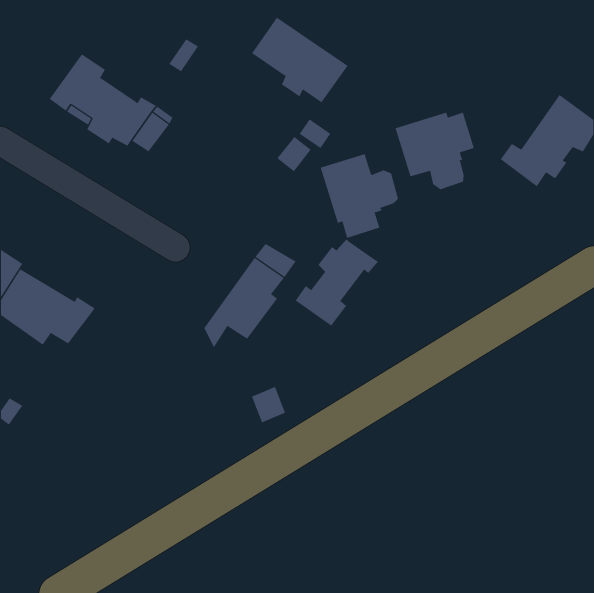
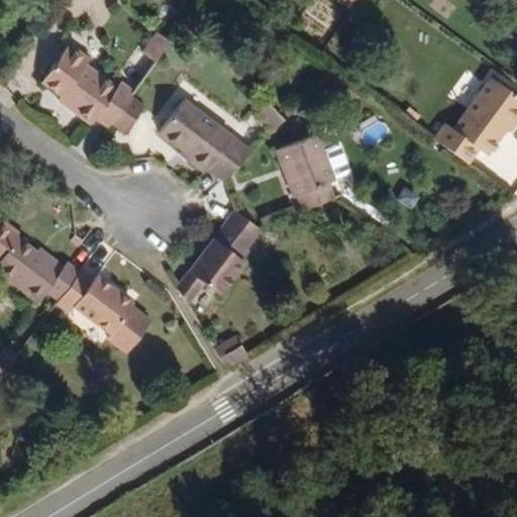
building: [251,17,349,103] -> [160,102,244,177]
building: [395,112,475,190] -> none
building: [295,238,379,326] -> none
building: none -> [58,271,152,350]

